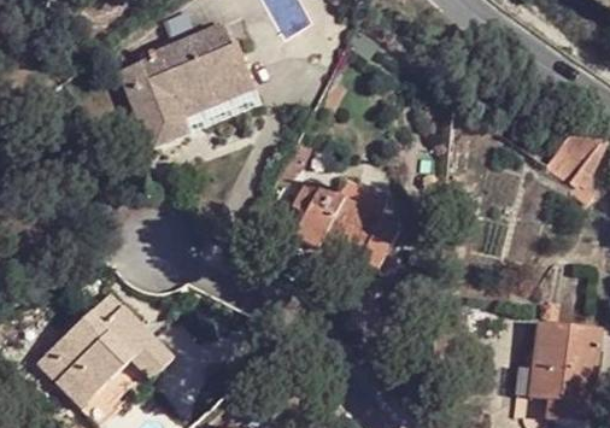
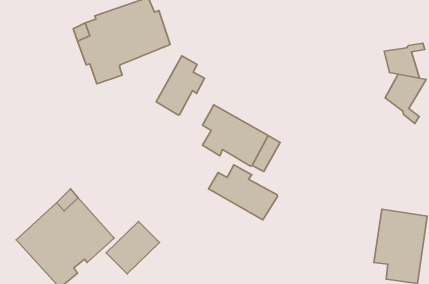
building: none -> [384,43,425,78]
building: none -> [156,56,205,115]
building: none -> [209,165,277,220]

